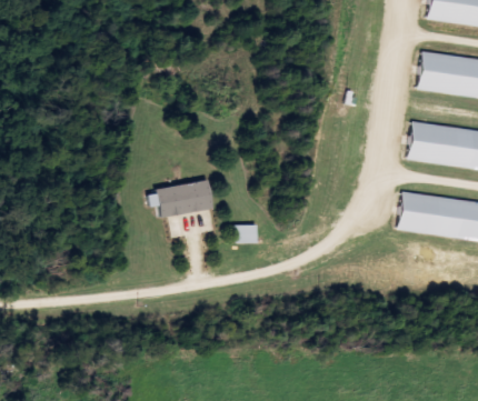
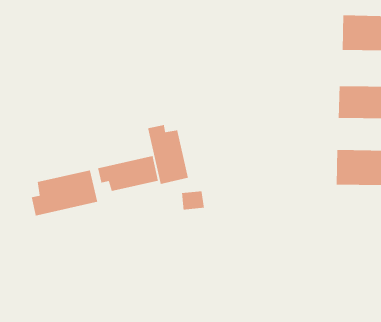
building: none -> [147,124,189,185]
building: none -> [31,169,98,217]

